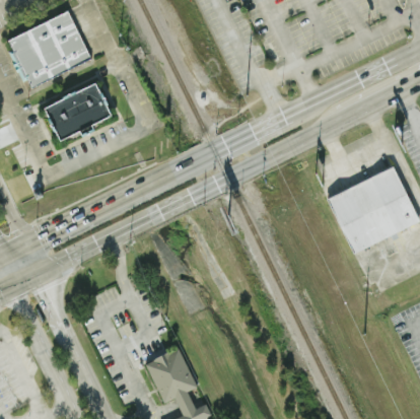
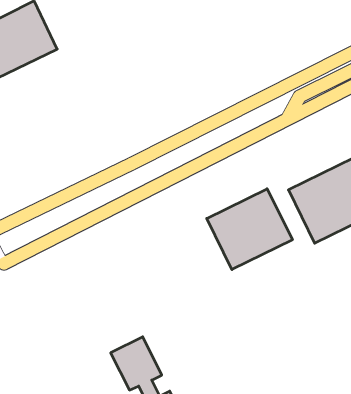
building: [47,83,113,140] -> none
building: none -> [207,189,292,270]

